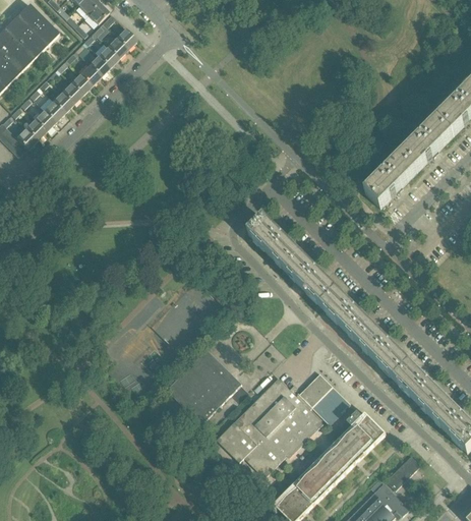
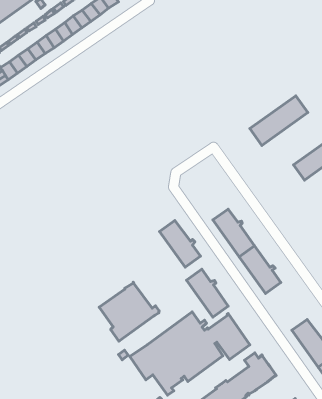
building: none -> [250,96,308,146]
building: [248,219,299,270] -> [160,220,201,267]
building: [357,328,409,380] -> [186,269,228,317]

